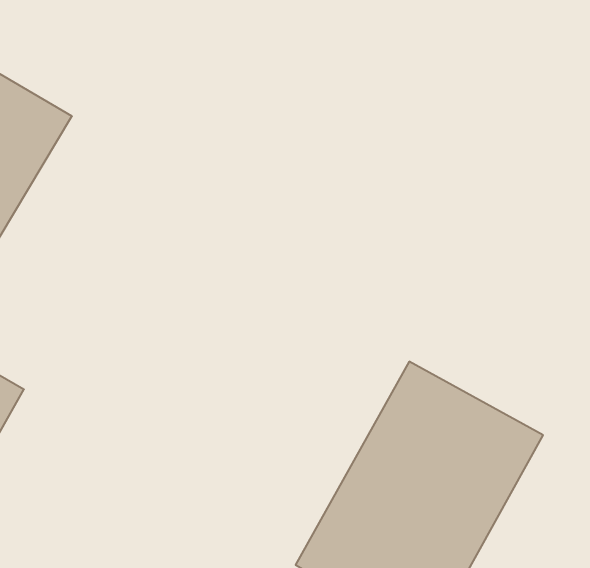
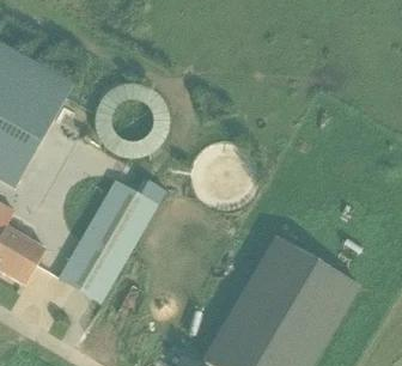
building: none -> [54,179,157,300]

